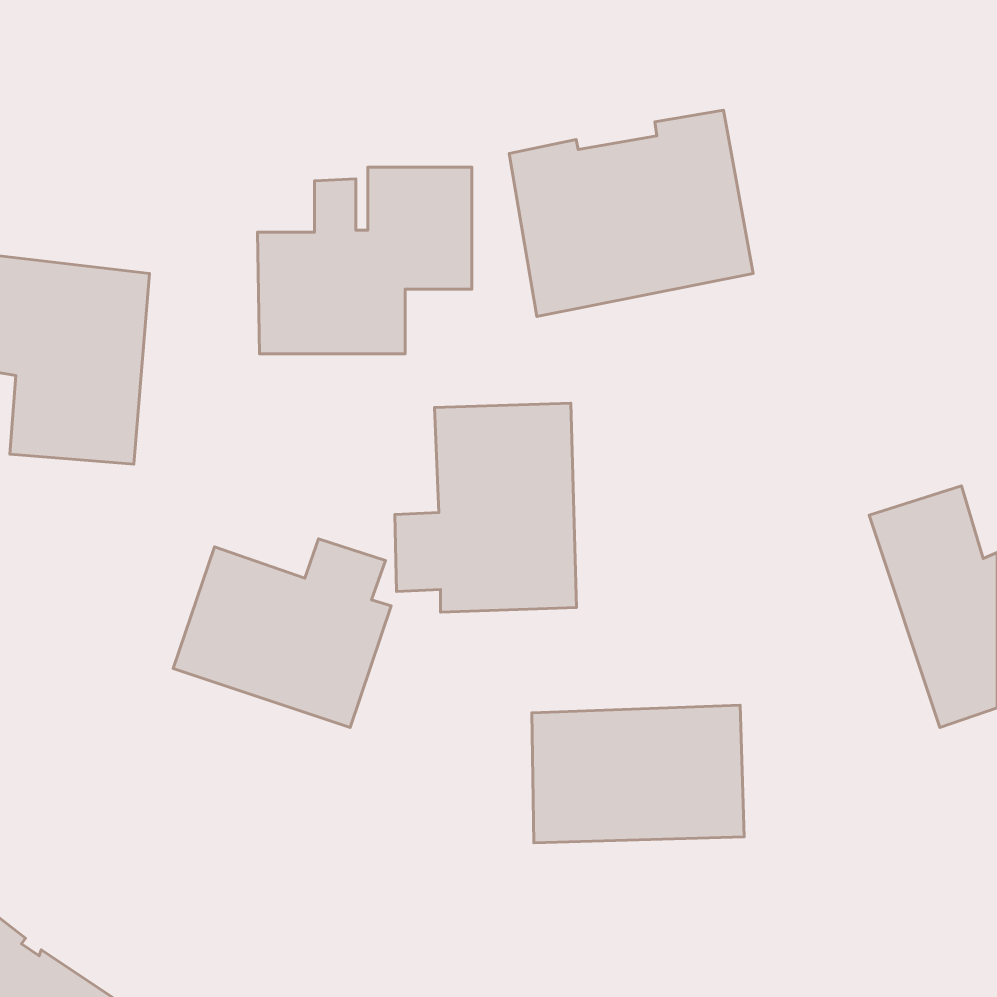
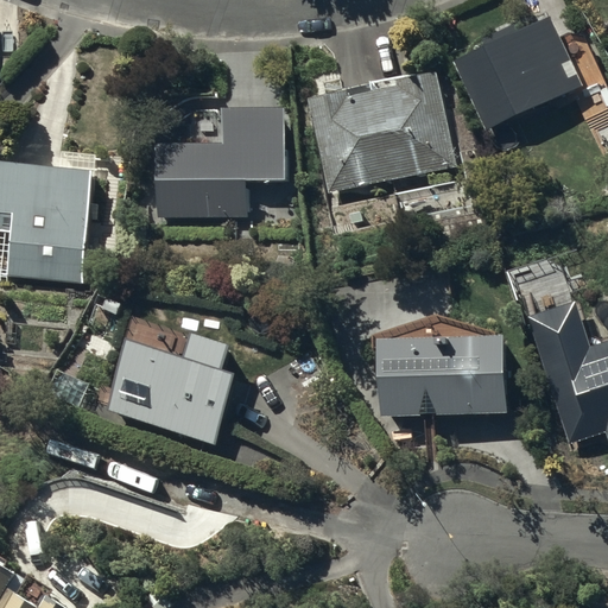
building: none -> [456,13,583,131]
building: [395,403,576,612] -> none
building: [532,705,744,843] -> [380,332,508,416]

